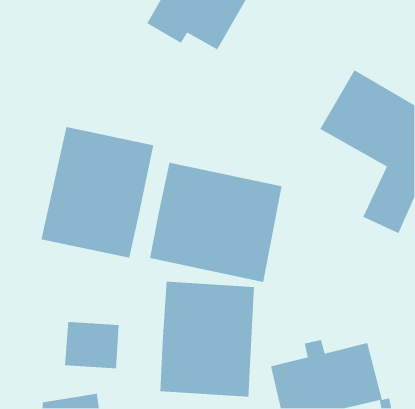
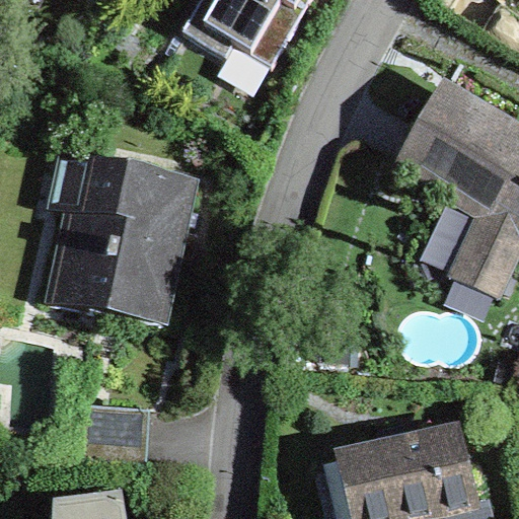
building: [149,162,283,283] -> none
building: [159,281,255,397] -> none

